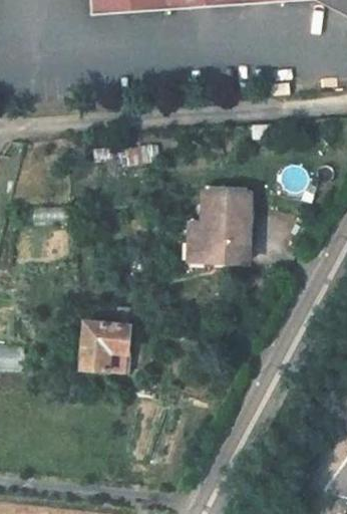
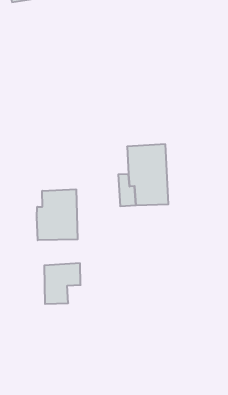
building: none -> [37,189,78,240]

